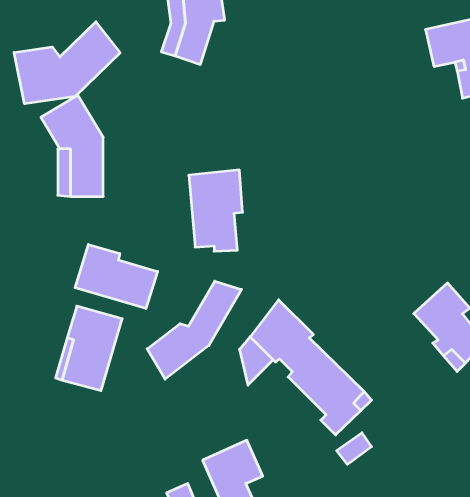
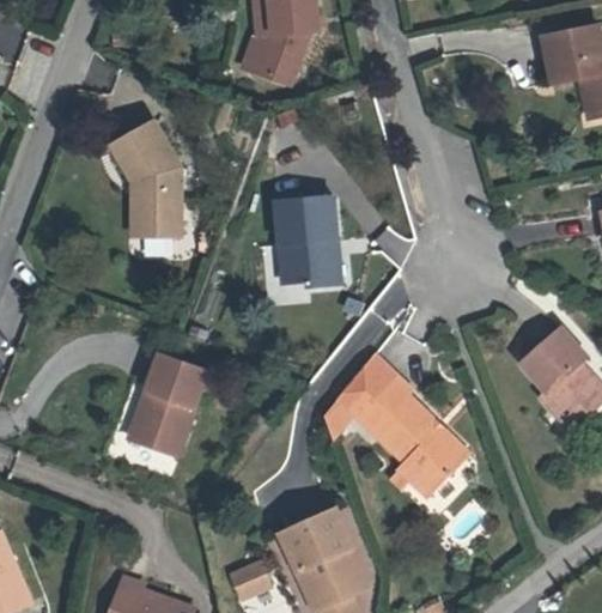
building: [14,22,120,104] -> none
building: [75,244,158,309] -> none
building: [147,281,242,379] -> none

